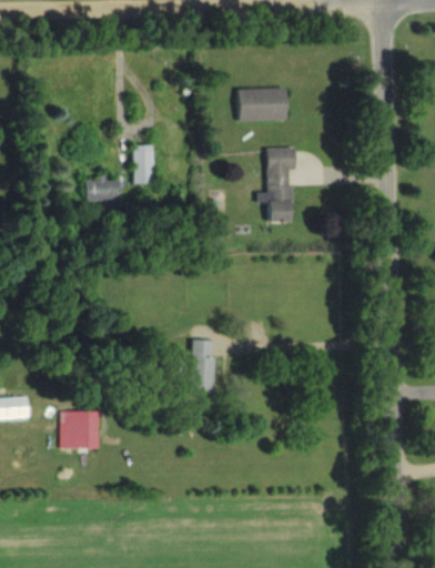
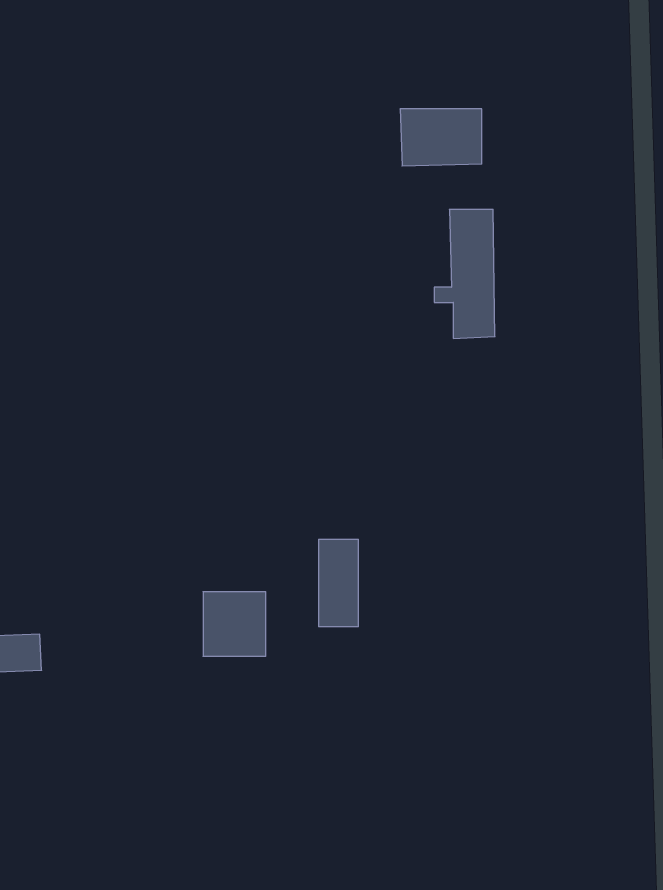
building: [133,145,153,184] -> none
building: [85,179,120,204] -> none
building: [62,410,99,448] -> [203,592,266,656]

